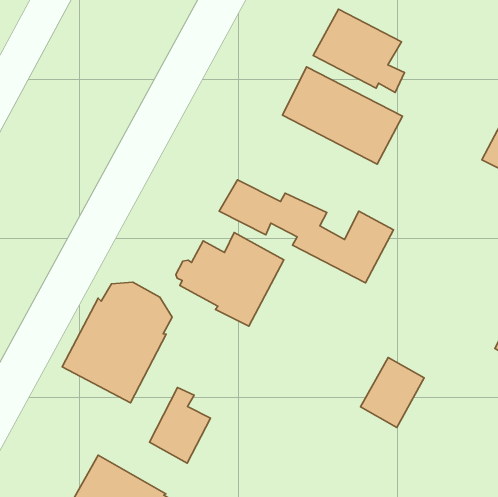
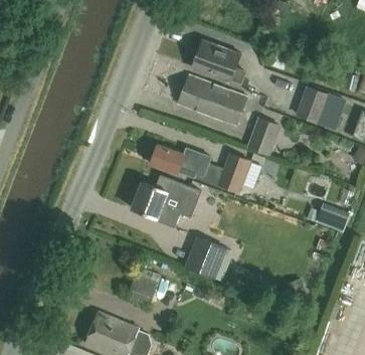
building: none -> [246,119,280,156]
building: [62,282,172,403] -> none
building: [361,357,424,427] -> [190,240,224,280]

